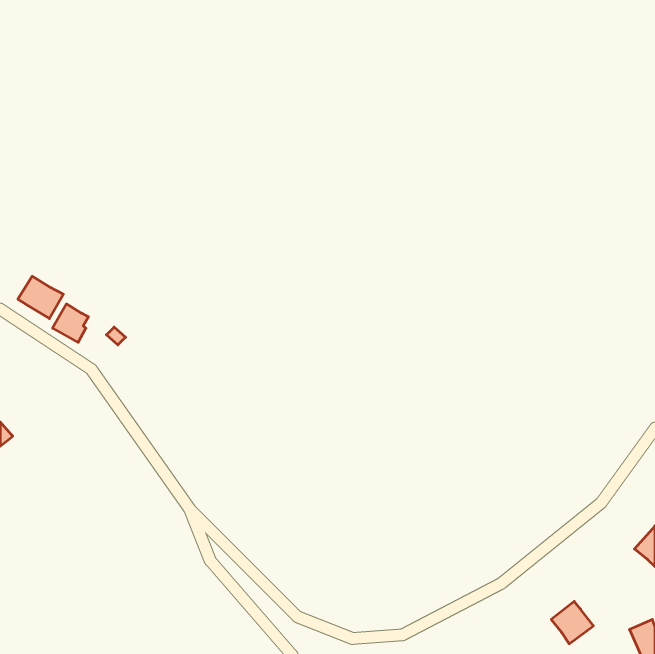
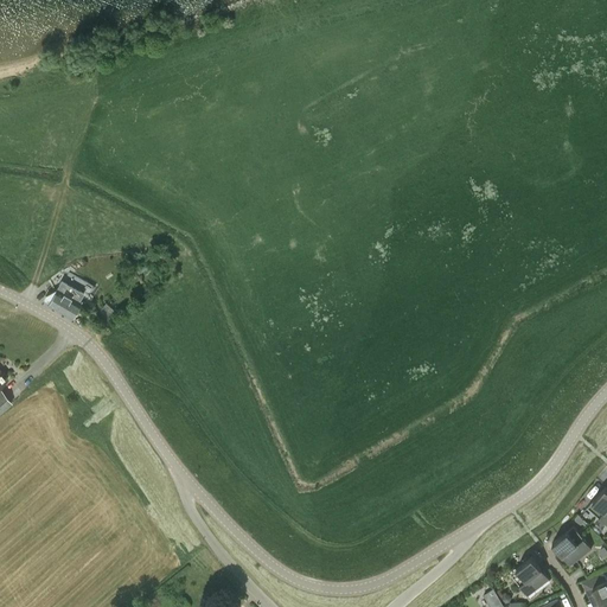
building: [18,276,63,319] -> none
building: none -> [551,528,592,567]

